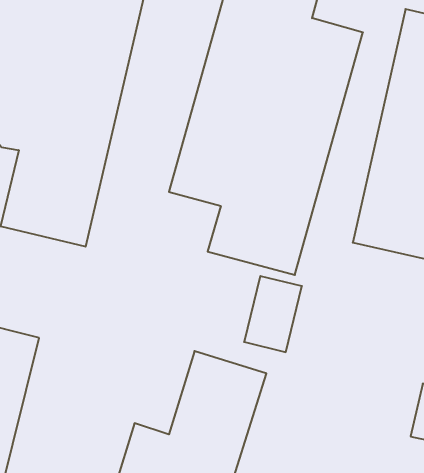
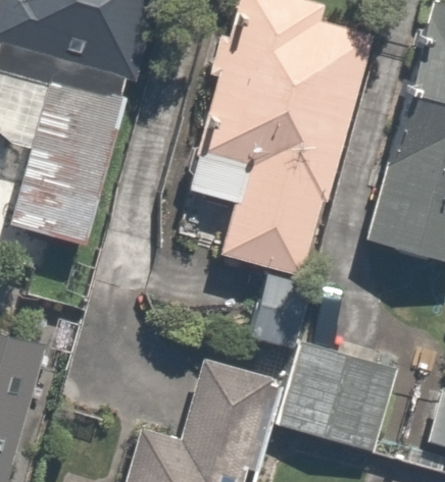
building: none -> [283,342,399,457]

